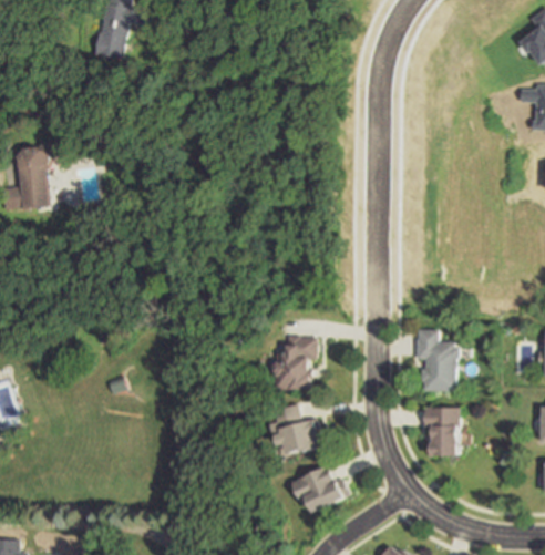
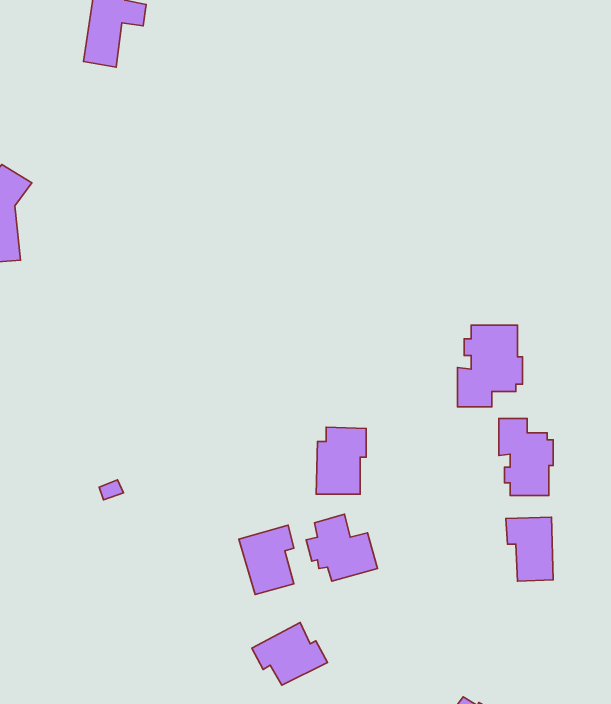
building: none -> [457,325,523,407]
building: none -> [239,525,294,594]
building: [291,464,350,513] -> [252,622,327,685]

